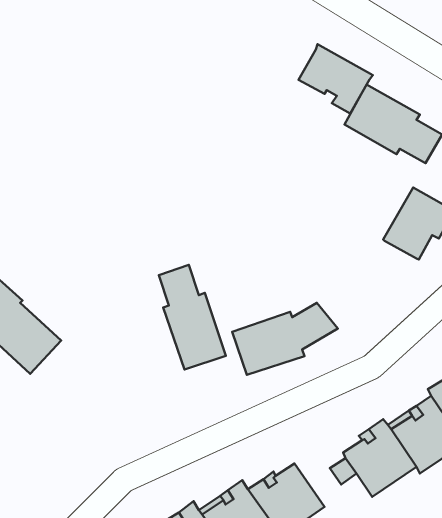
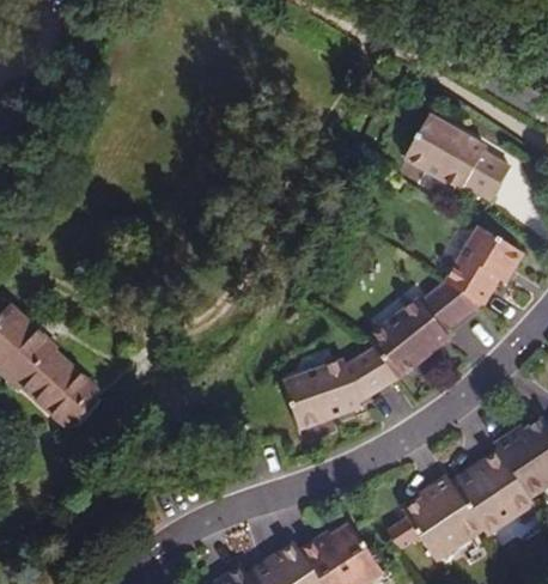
building: [299,44,373,113] -> none
building: none -> [367,284,482,378]
building: [159,265,226,369] -> none

